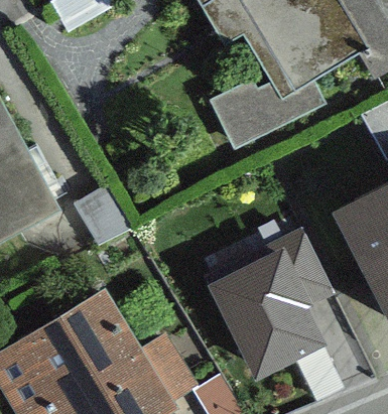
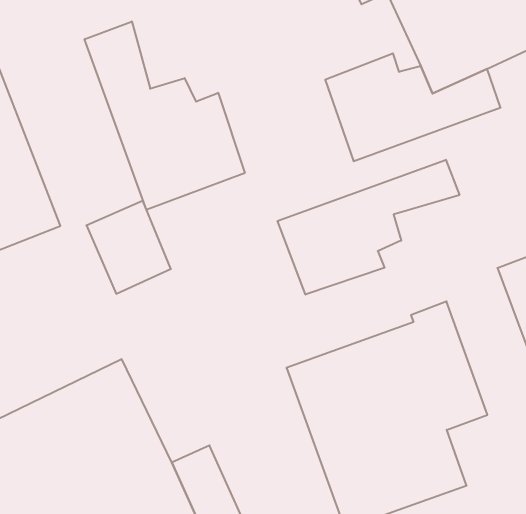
building: none -> [85,21,245,210]
building: none -> [278,160,459,295]

